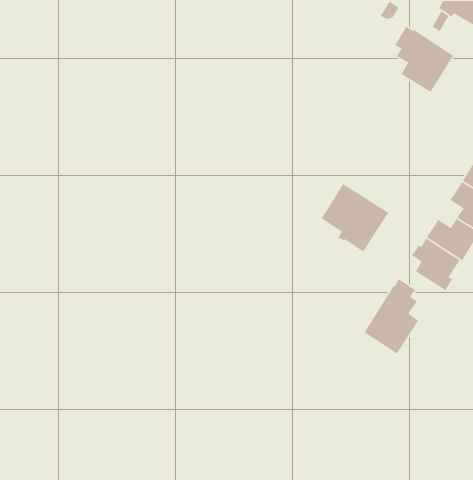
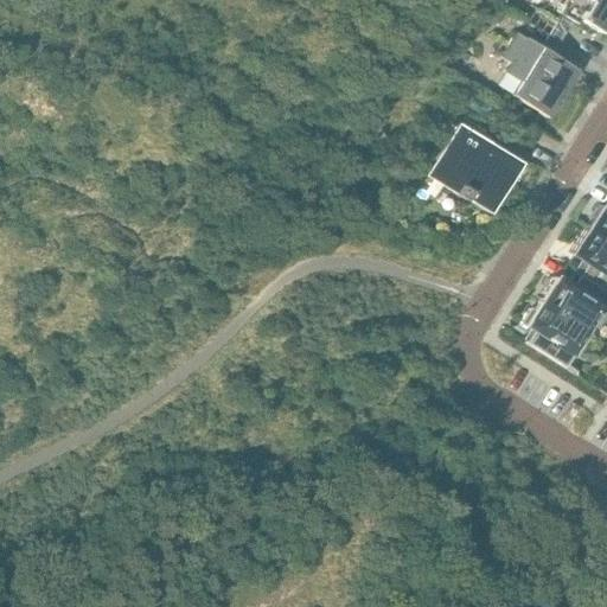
building: [317,183,389,253] -> [434,124,524,212]
building: [363,278,419,354] -> none

